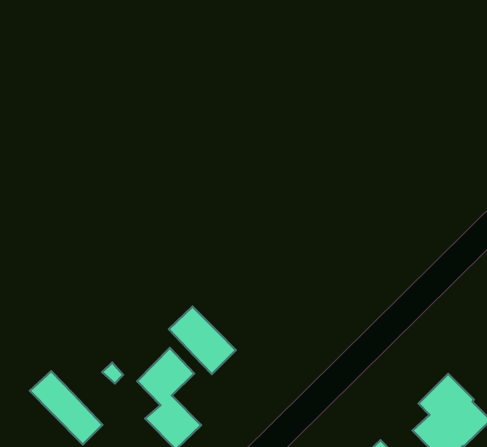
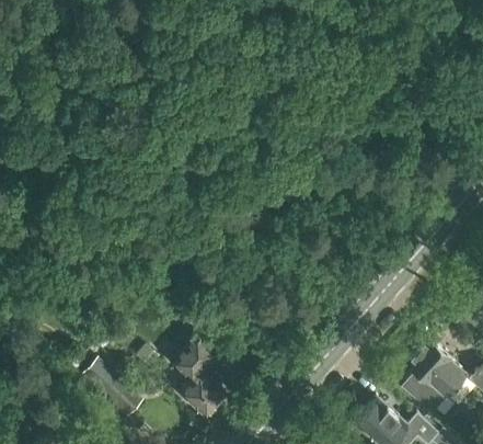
building: [169,307,236,374] -> none

